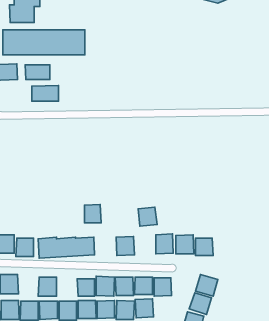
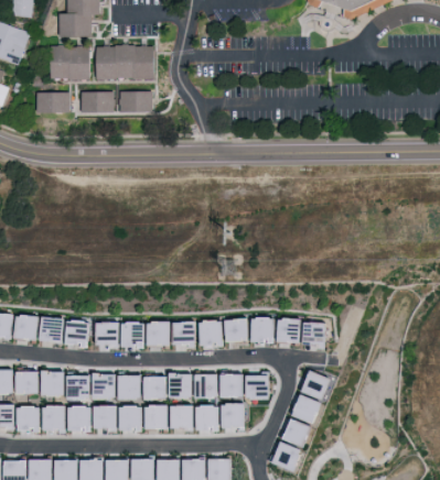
building: [32,85,58,101] -> [116,91,151,112]
building: [84,204,101,223] -> [173,321,195,346]
building: [138,207,157,226] -> [224,318,249,343]
building: none -> [69,375,94,400]
building: none -> [121,375,144,400]

